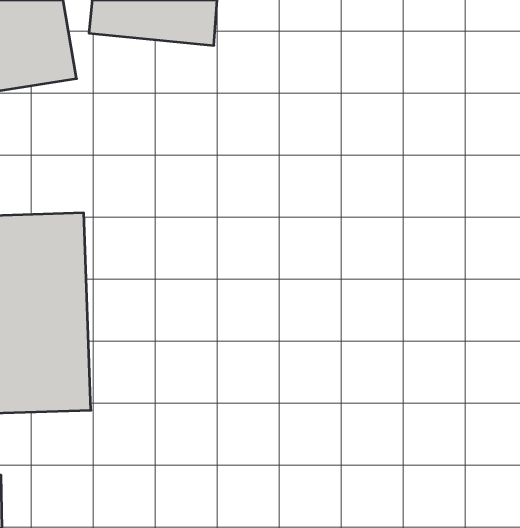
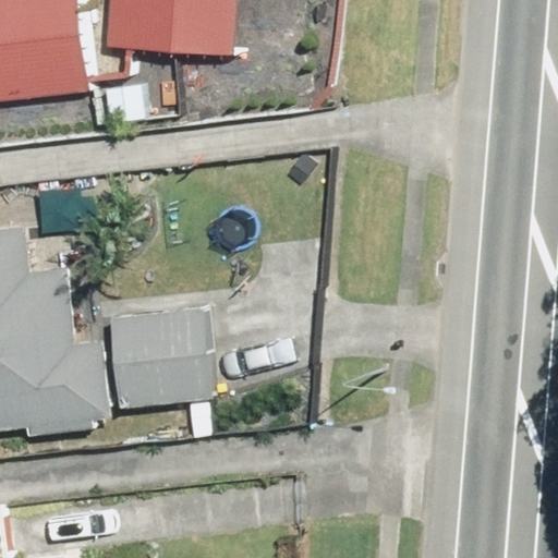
building: none -> [113,307,215,414]

